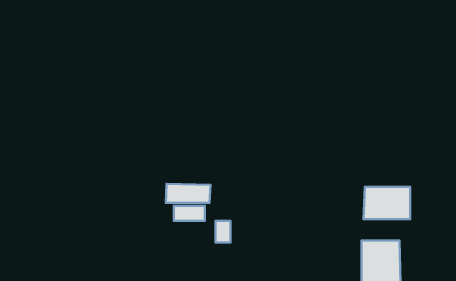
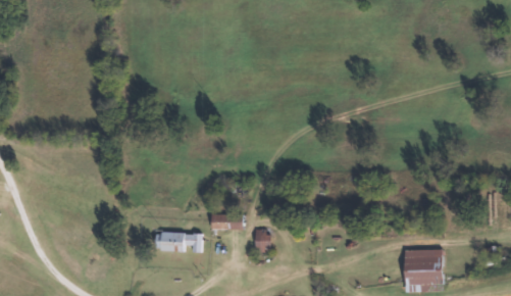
building: [166,184,210,203] -> [156,232,202,251]
building: [364,187,410,219] -> none

